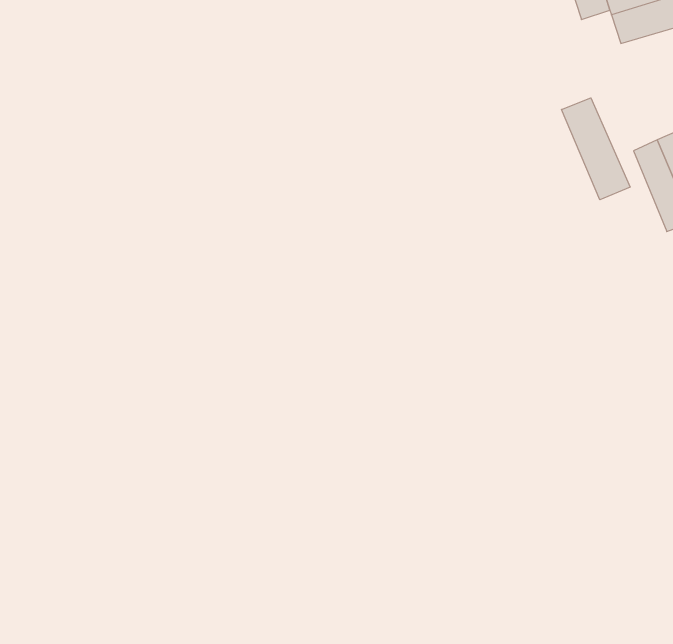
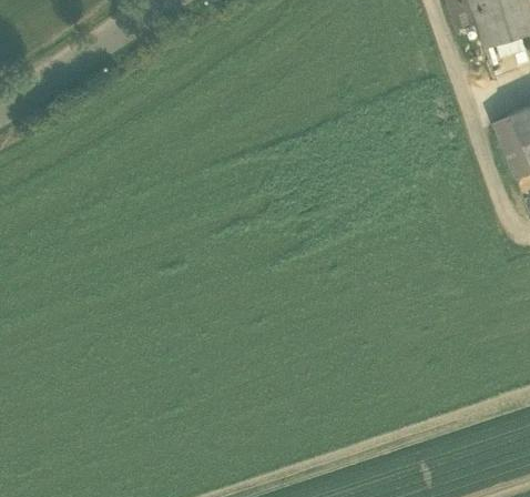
building: [562,98,630,200] -> none

